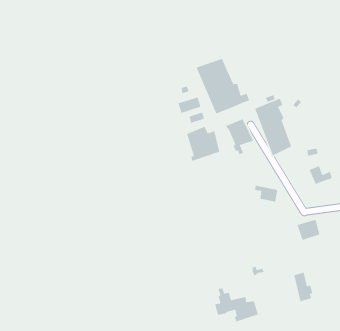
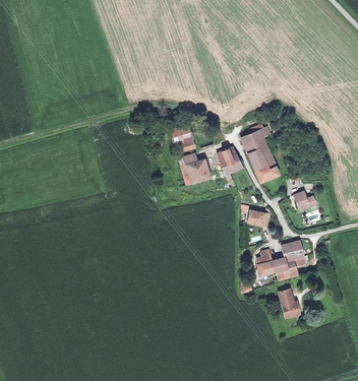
building: [196,58,250,115] -> none
building: [214,287,259,322] -> [256,249,298,281]

